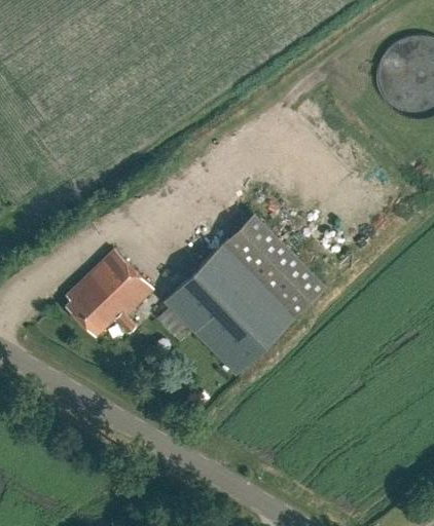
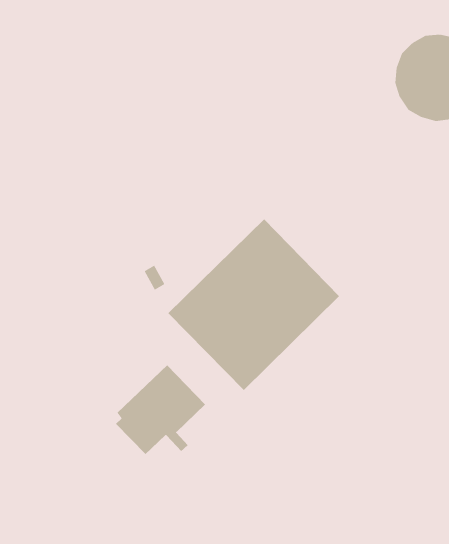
building: [66,251,152,337] -> [115,365,206,455]

